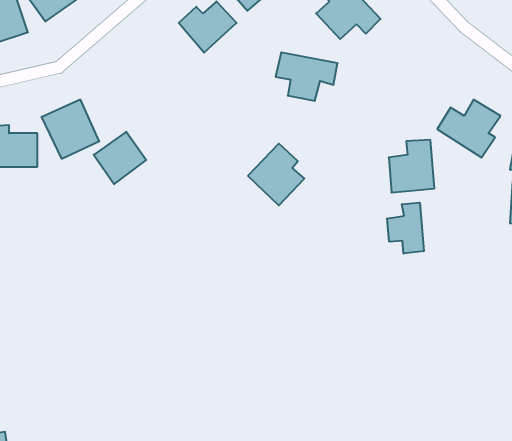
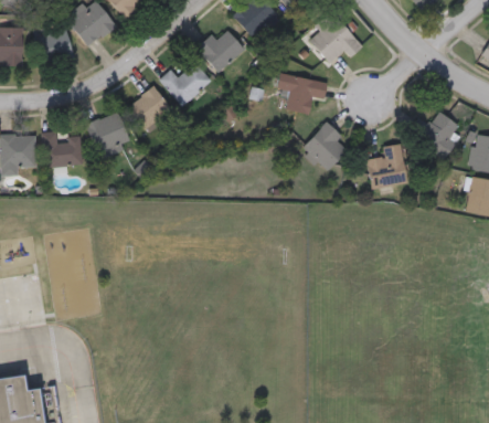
building: none -> [158,64,209,106]
building: [94,132,146,184] -> [127,86,170,129]
building: [248,144,304,205] -> [301,120,348,171]
building: [387,203,424,254] -> none

